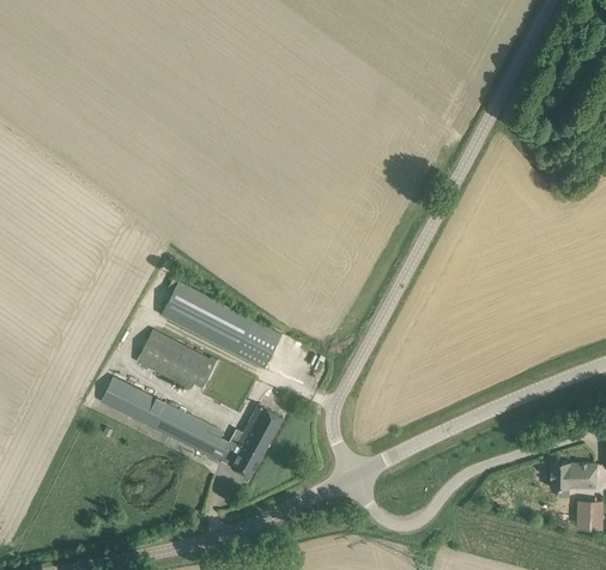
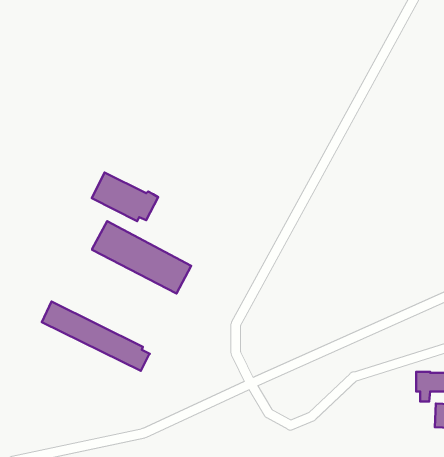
building: [137,331,217,389] -> [92,173,158,221]
building: [231,405,283,478] -> none

